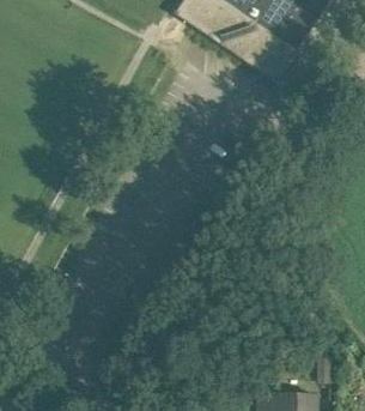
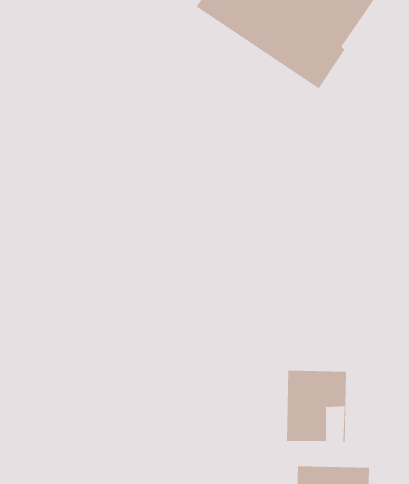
building: none -> [287,370,346,443]

